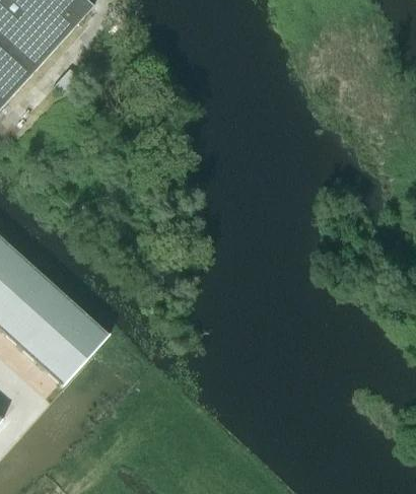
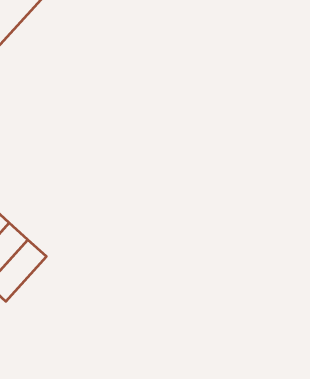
building: [41,313,109,384] -> none

